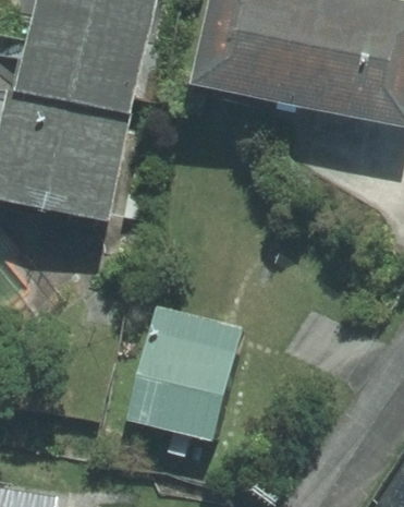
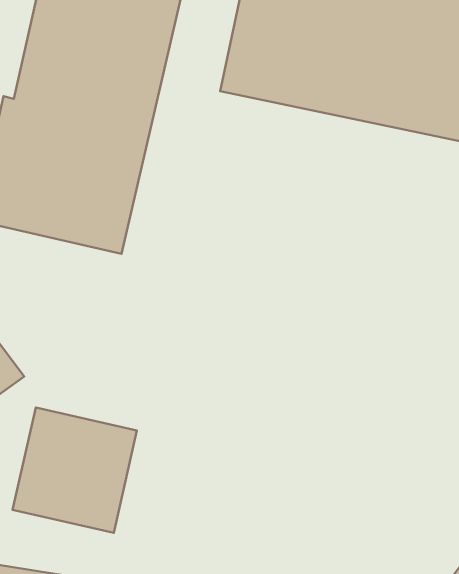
building: [132,334,237,440] -> [13,408,137,533]

